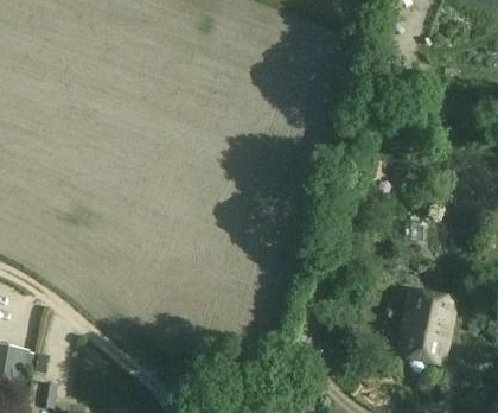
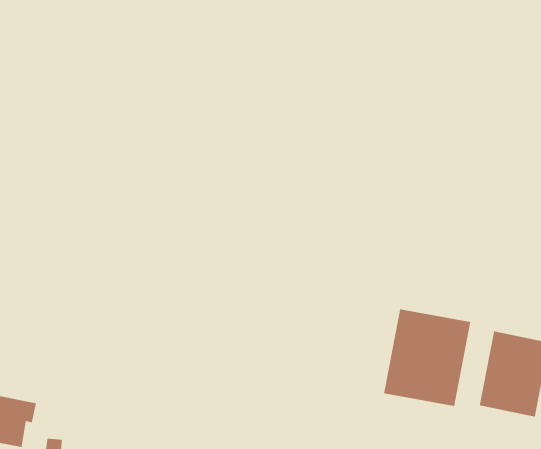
building: none -> [383,308,471,407]

